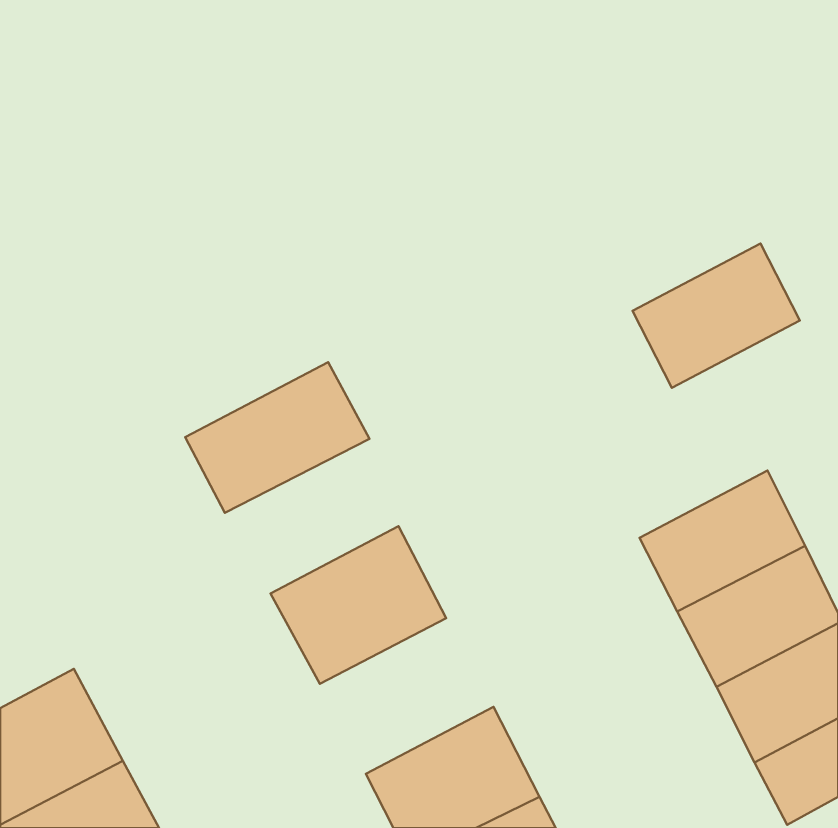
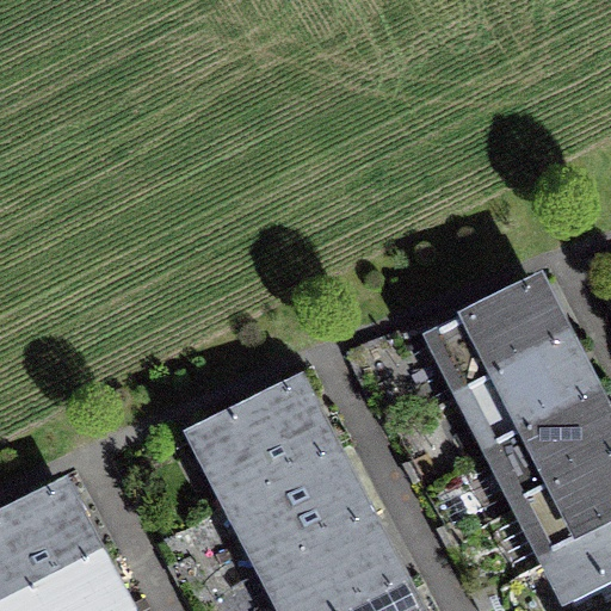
building: [633,244,800,388] -> [437,286,558,391]
building: [185,362,369,513] -> none
building: none -> [233,450,359,563]

